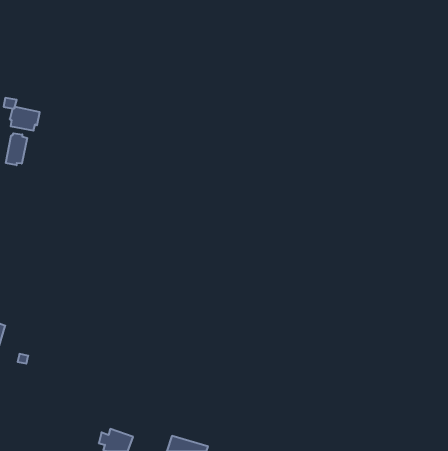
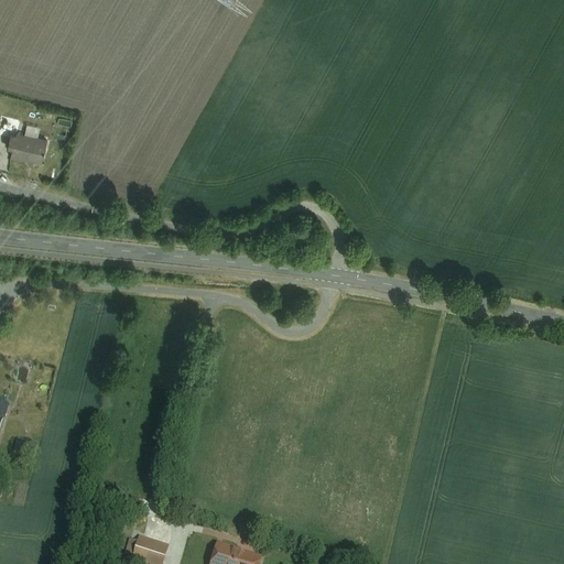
building: [6,133,27,165] -> none

